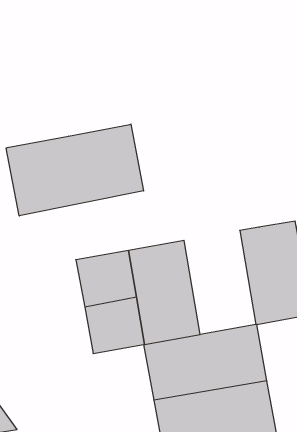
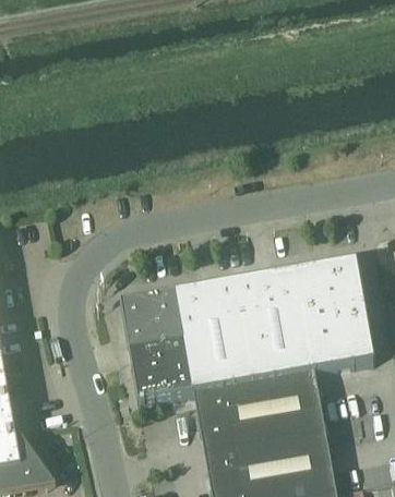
building: [6,124,144,216] -> none
building: none -> [236,266,313,378]

